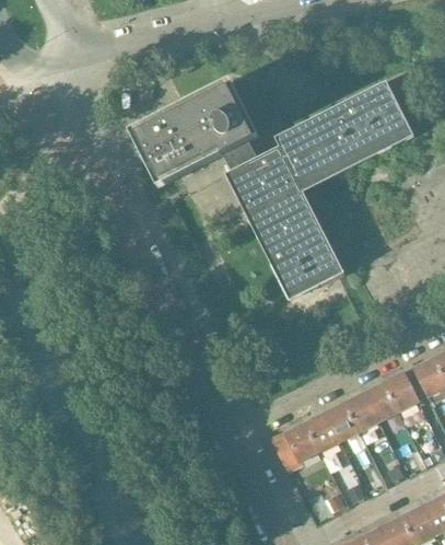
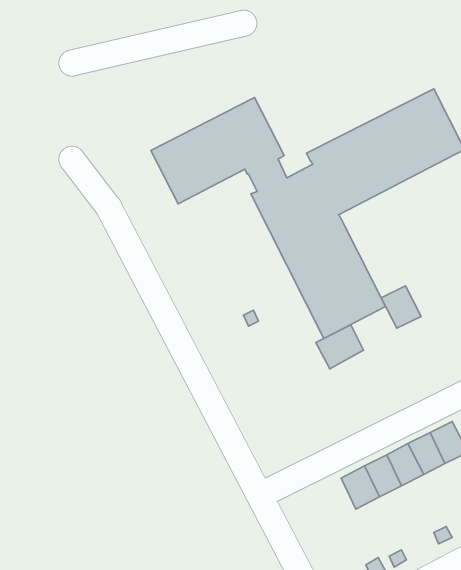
building: none -> [381,286,421,328]
building: none -> [316,325,363,369]
building: [271,424,317,471] -> none

